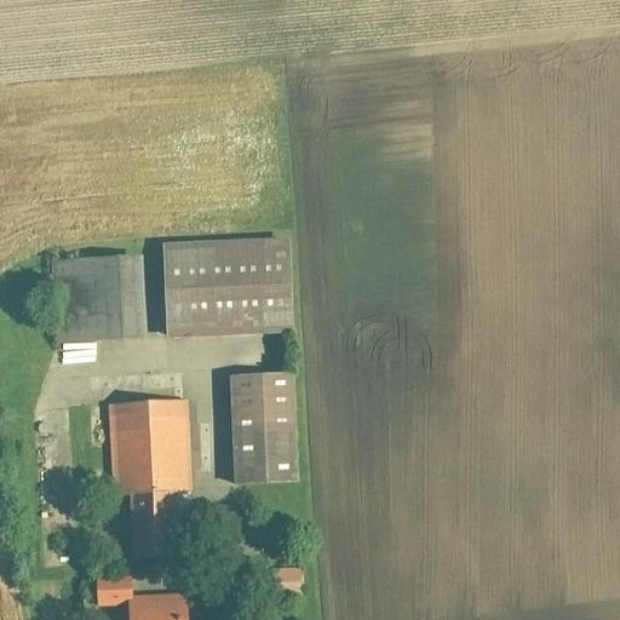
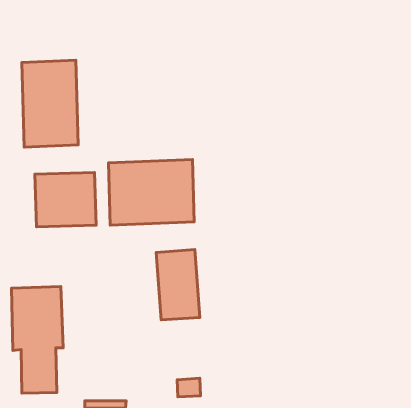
building: none -> [22,60,78,147]
building: [109,396,186,556] -> [11,286,63,393]
building: [94,575,131,598] -> none

